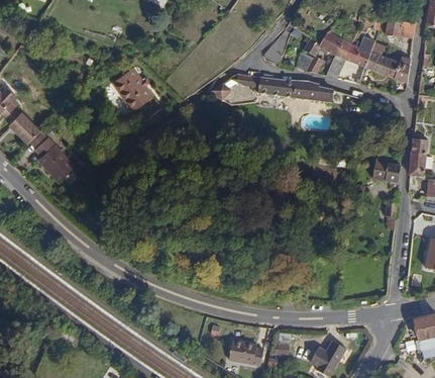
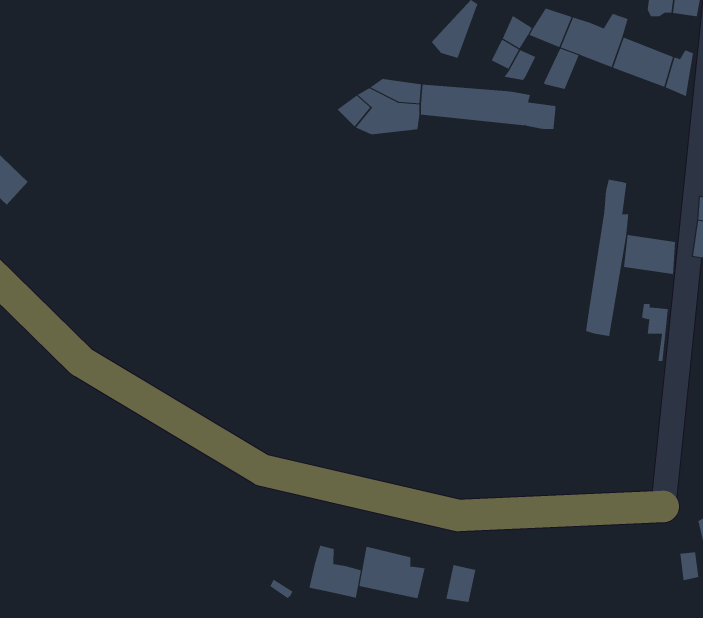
building: [114,61,154,105] -> none
building: none -> [586,179,629,337]
building: [29,130,76,183] -> none
building: none -> [309,545,361,598]
building: [316,335,350,364] -> none

